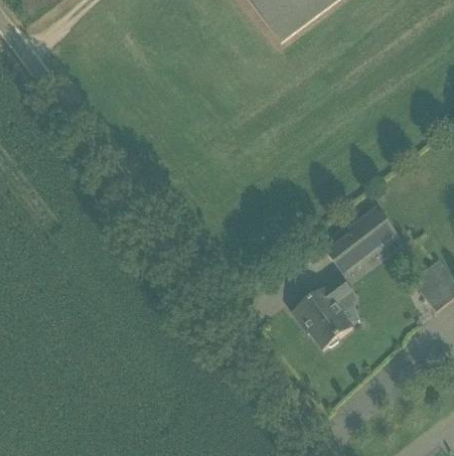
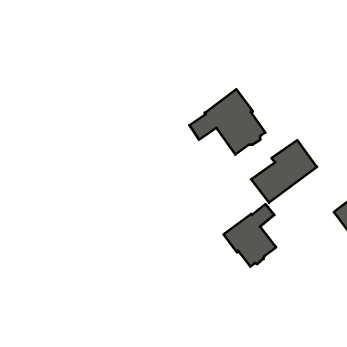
building: none -> [189,89,265,155]

